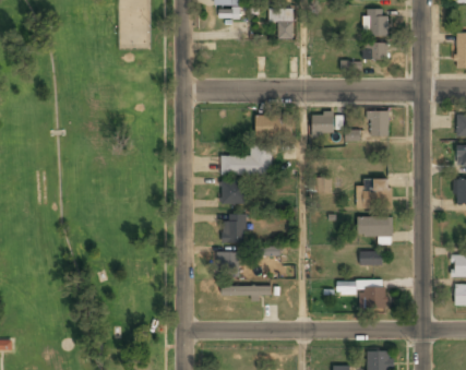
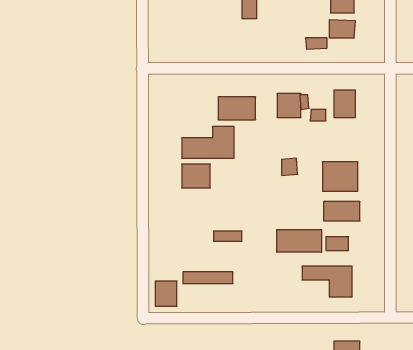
building: [223,214,246,242] -> none
building: none -> [277,230,322,252]
building: [217,251,238,275] -> [155,281,177,306]

